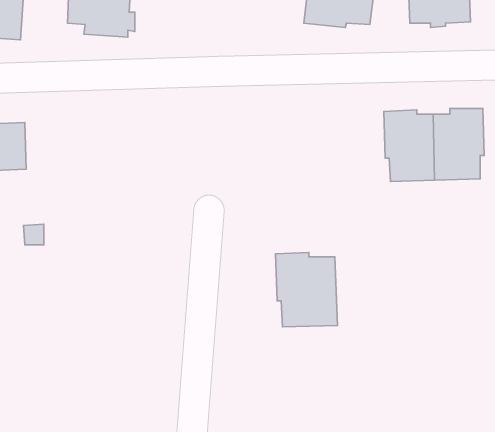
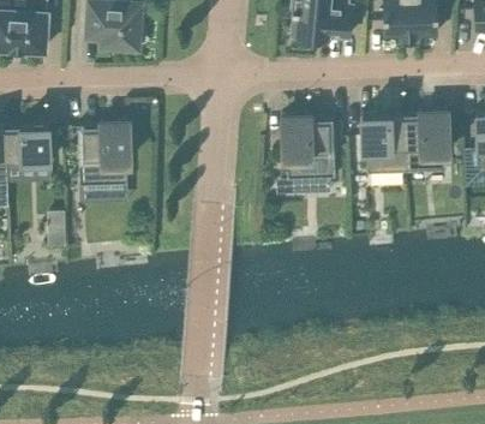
building: none -> [77,123,130,189]
building: [276,253,338,327] -> [281,117,335,181]

